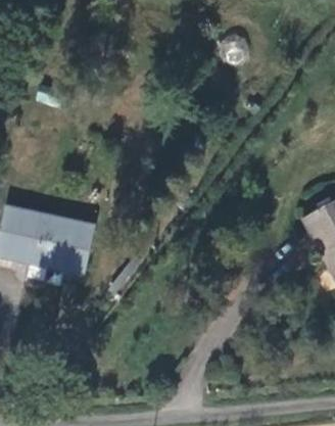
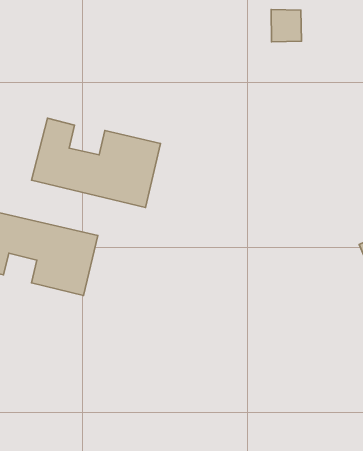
building: none -> [32,118,161,208]

